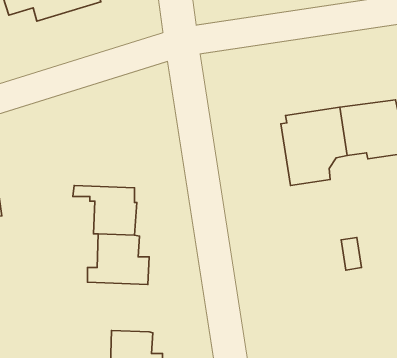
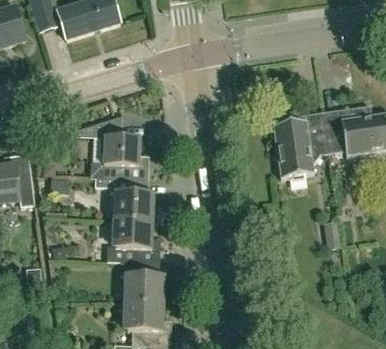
building: none -> [76,115,149,180]
building: none -> [108,260,162,303]

